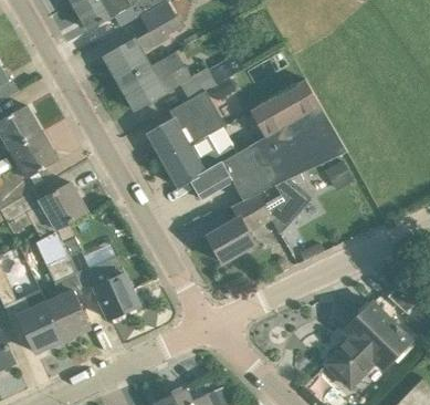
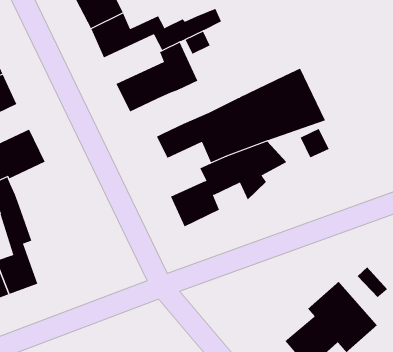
building: [249,79,319,137] -> none
building: [162,135,237,187] -> none
building: [66,249,138,320] -> none

